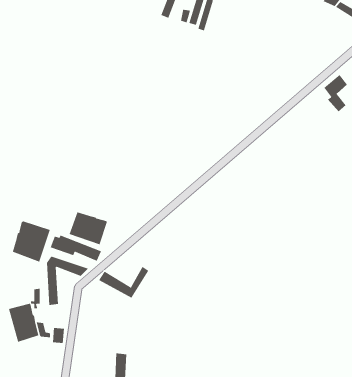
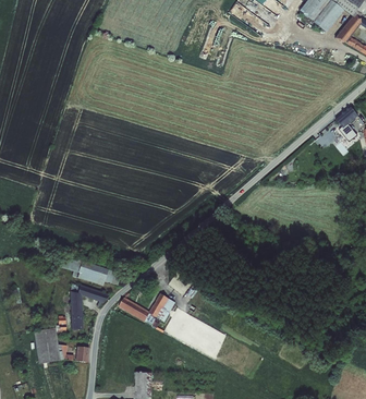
building: [69,211,107,245] -> none
building: [12,221,50,262] -> none

